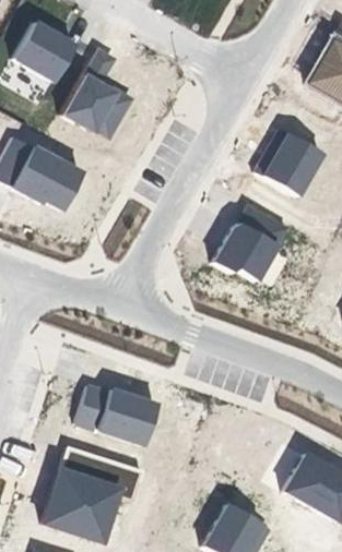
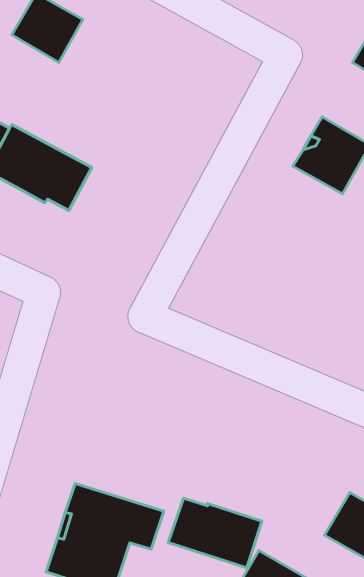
building: [62,49,133,137] -> none
building: [214,204,288,280] -> none
building: [76,385,157,445] -> [168,498,262,568]

